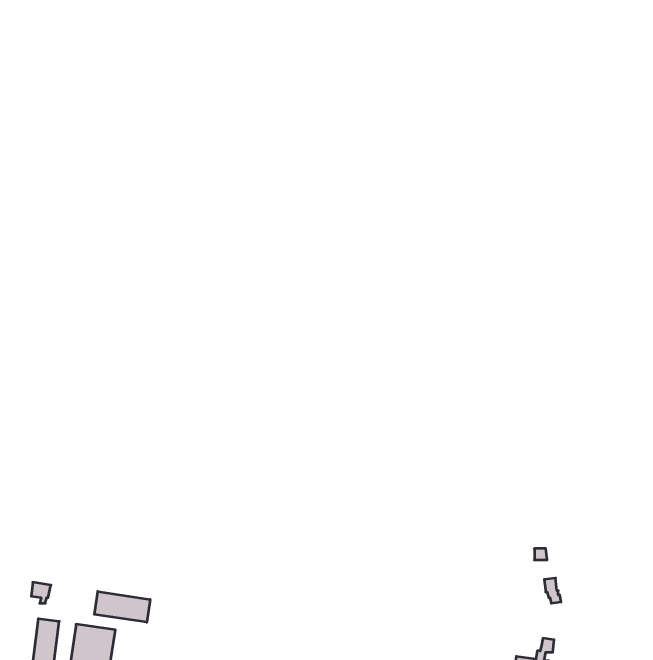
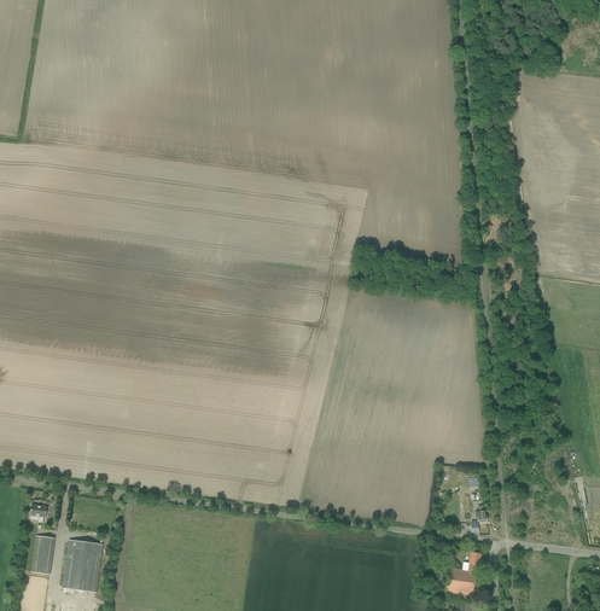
building: [94,591,150,622] -> none

